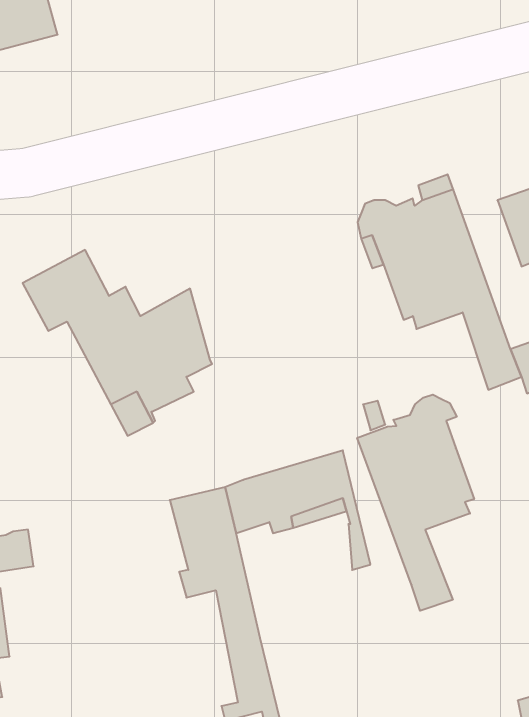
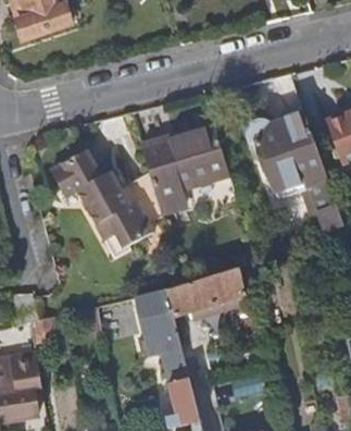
building: none -> [141,131,228,214]
building: [357,395,474,611] -> none

